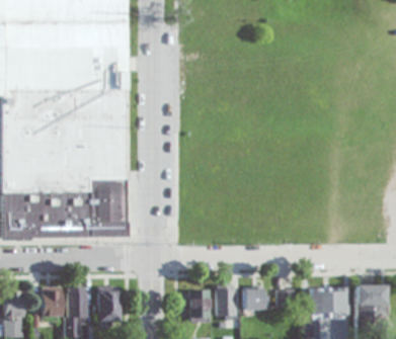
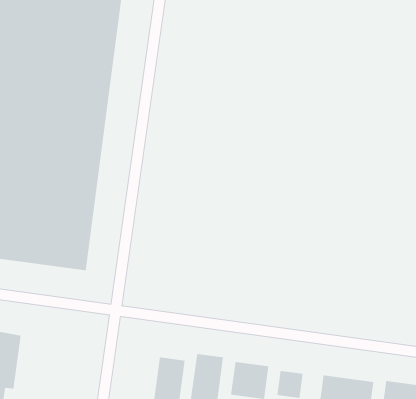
building: [97,285,117,323] -> none

